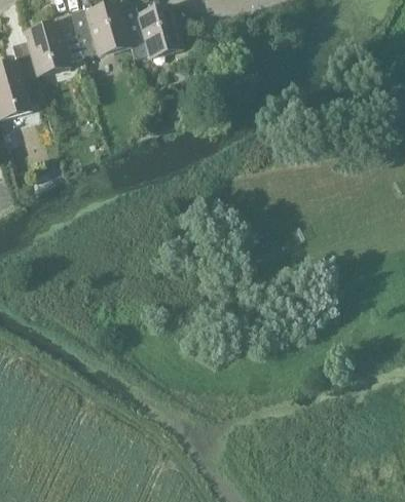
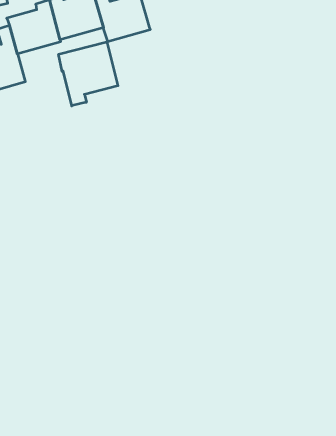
building: none -> [59,42,118,106]

